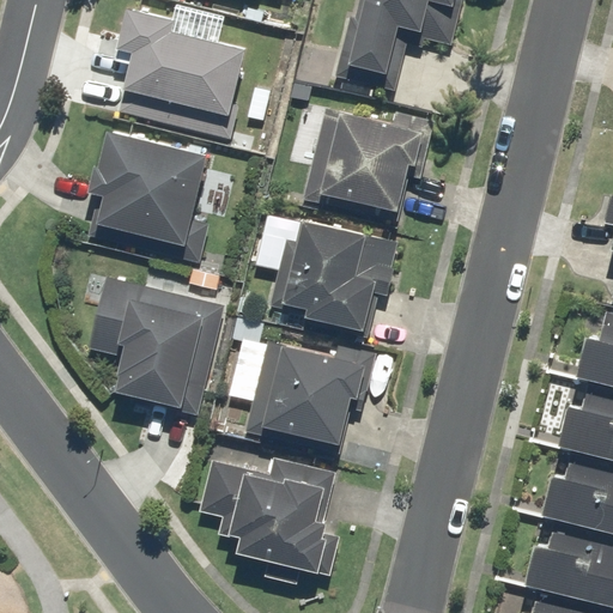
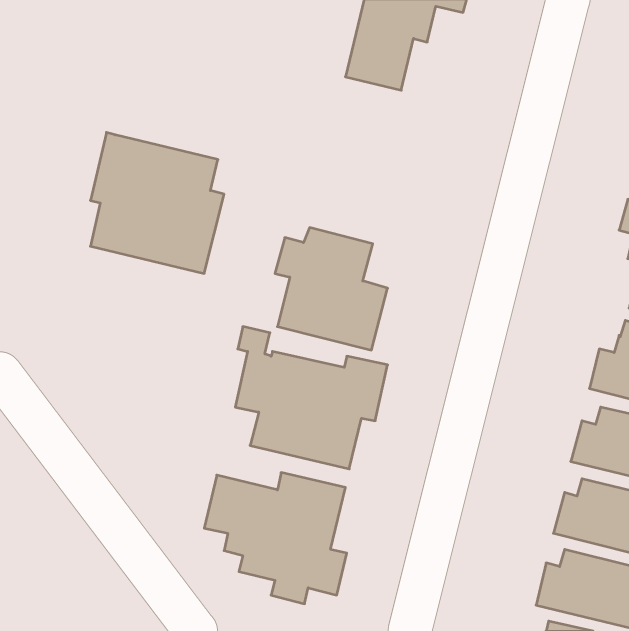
building: [116,10,245,139] -> none
building: [297,105,439,226] -> none
building: [91,275,226,408] -> none

